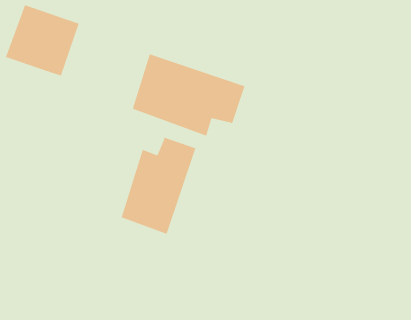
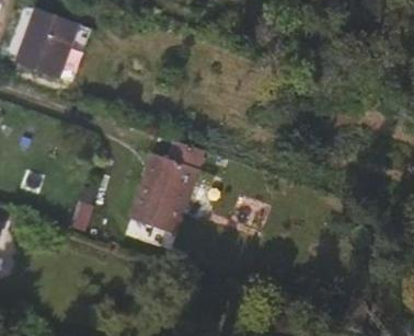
building: [132,54,245,137] -> none

